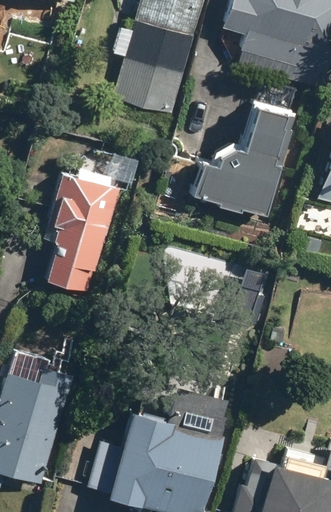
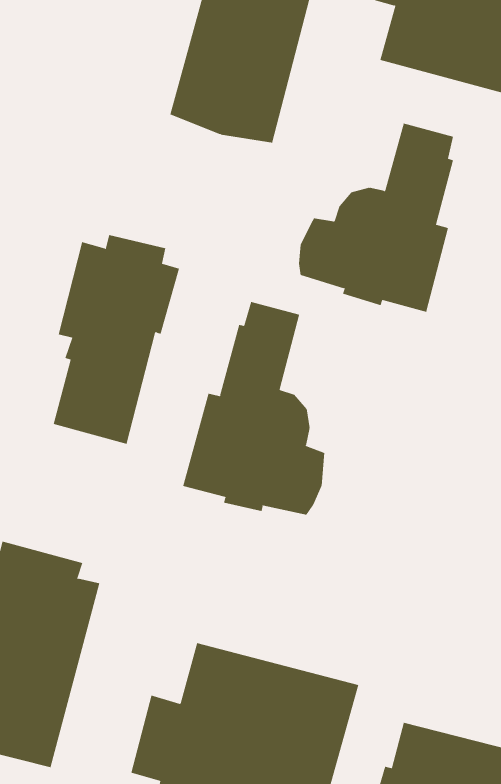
building: none -> [182,301,325,515]

